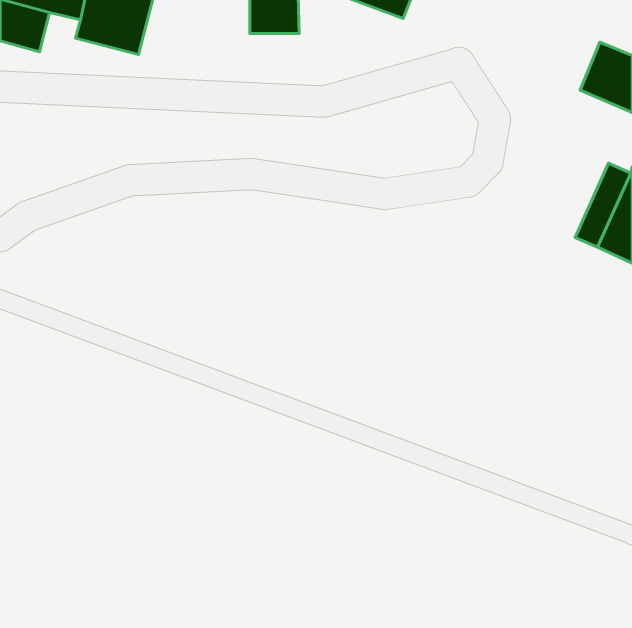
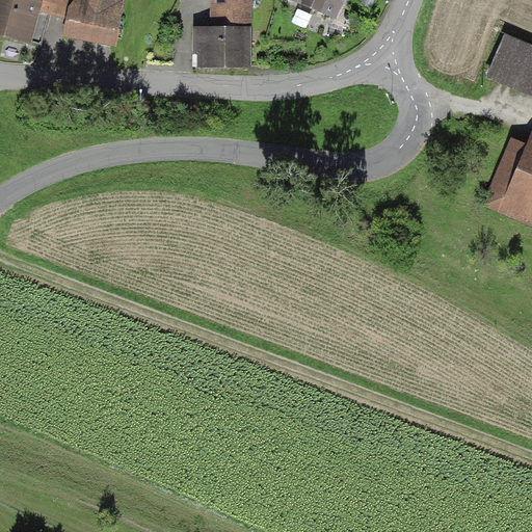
building: none -> [195,28,251,66]

